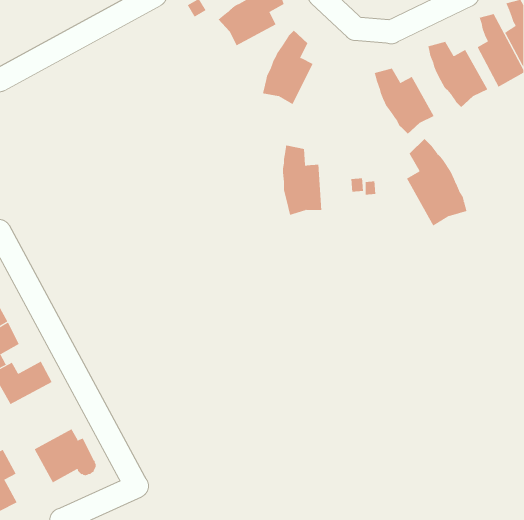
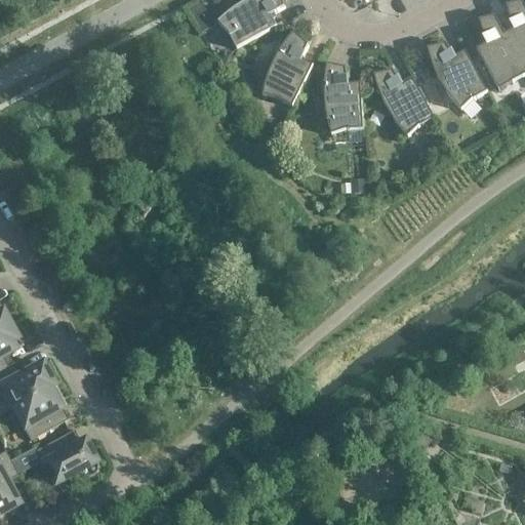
building: [406,138,467,227] -> none
building: [282,145,322,216] -> [323,62,363,132]
building: none -> [10,381,67,438]

